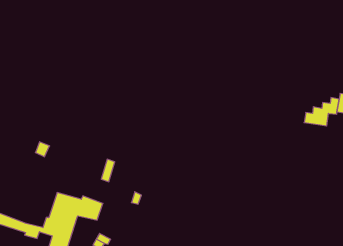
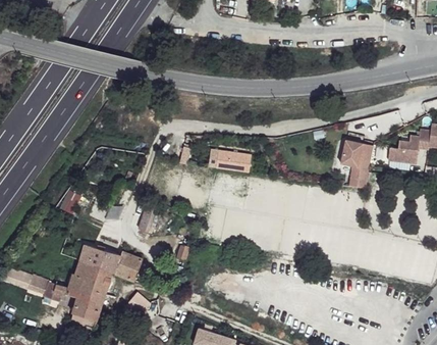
building: none -> [336,140,371,187]
building: none -> [215,149,250,170]

